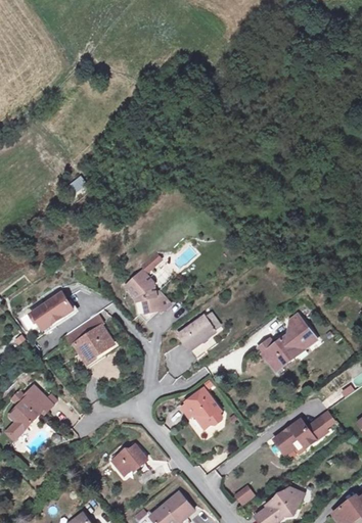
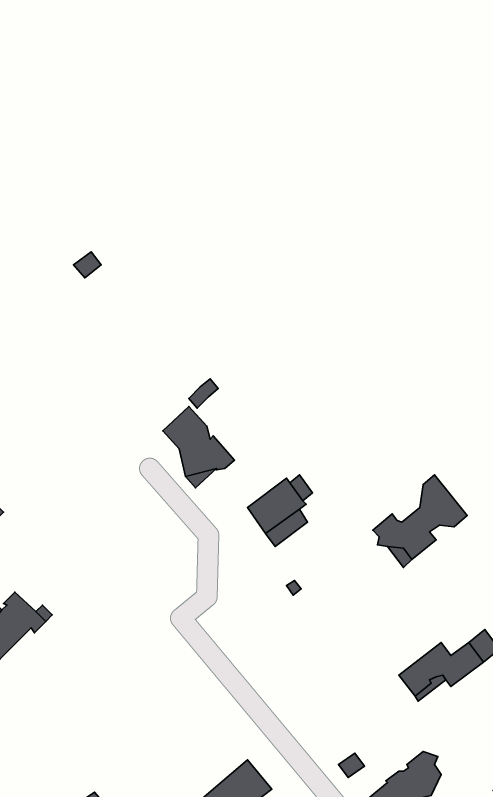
building: [32,292,75,332] -> none
building: [73,325,112,364] -> none
building: [180,388,220,429] -> none
building: [110,445,146,475] -> none

